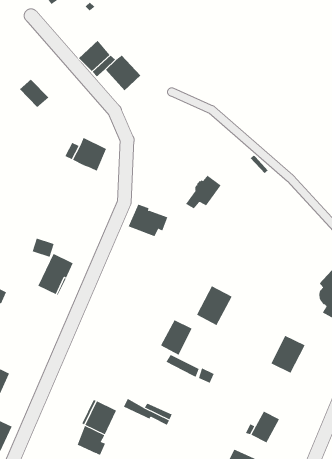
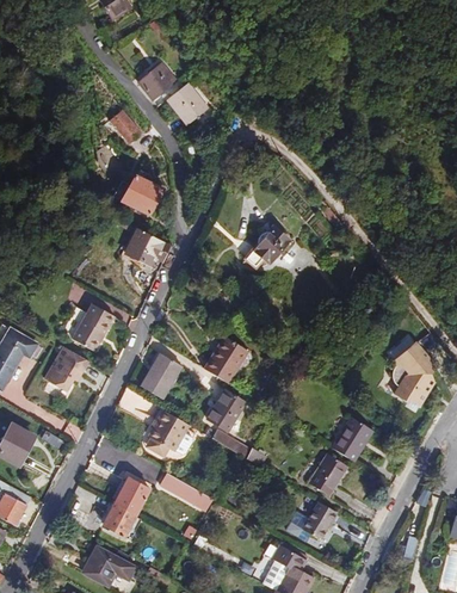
building: [19,79,49,108] -> [109,110,142,143]
building: [128,204,168,237] -> [123,228,169,267]
building: [196,285,232,326] -> [204,336,247,383]
building: none -> [140,353,181,399]
building: none -> [43,346,88,391]
building: none -> [148,409,190,457]
building: none -> [308,452,346,495]

